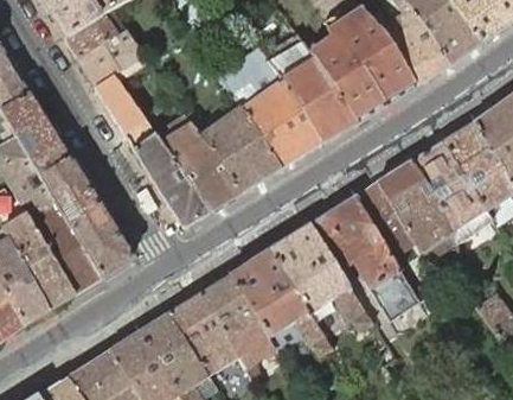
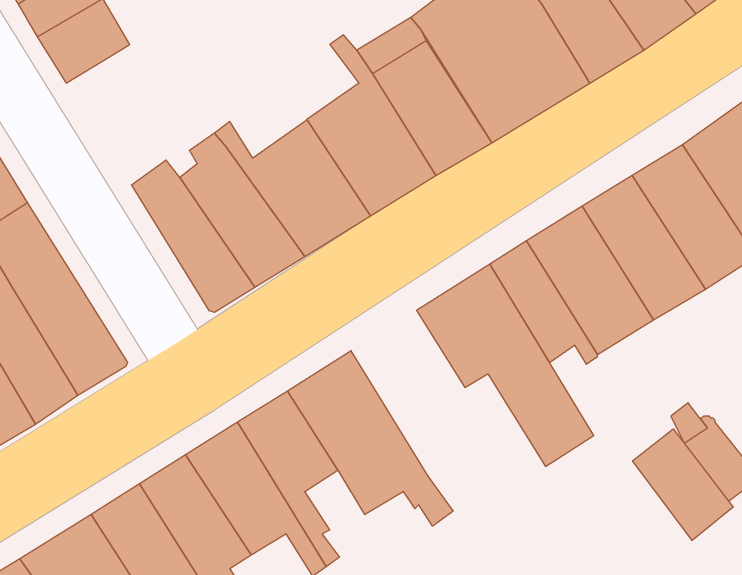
building: [94,61,155,147] -> none
building: [269,224,372,331] -> none
building: none -> [633,429,733,540]

